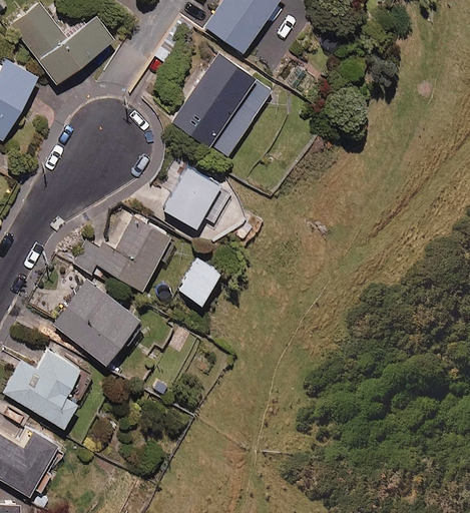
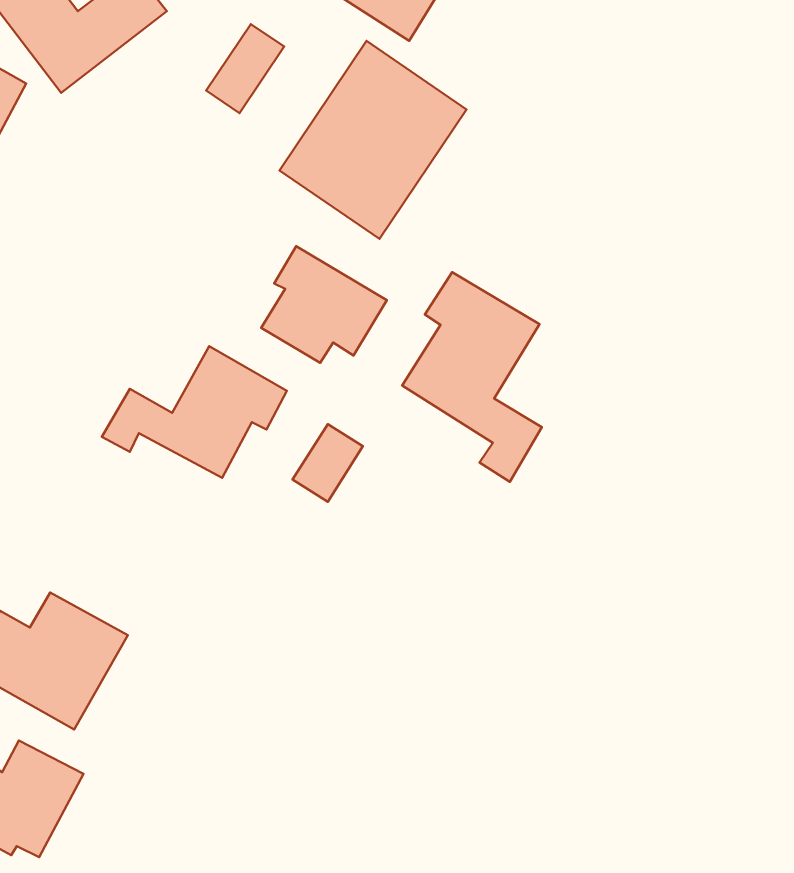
building: none -> [206,24,284,113]
building: none -> [402,272,542,482]
building: [52,279,141,361] -> none

